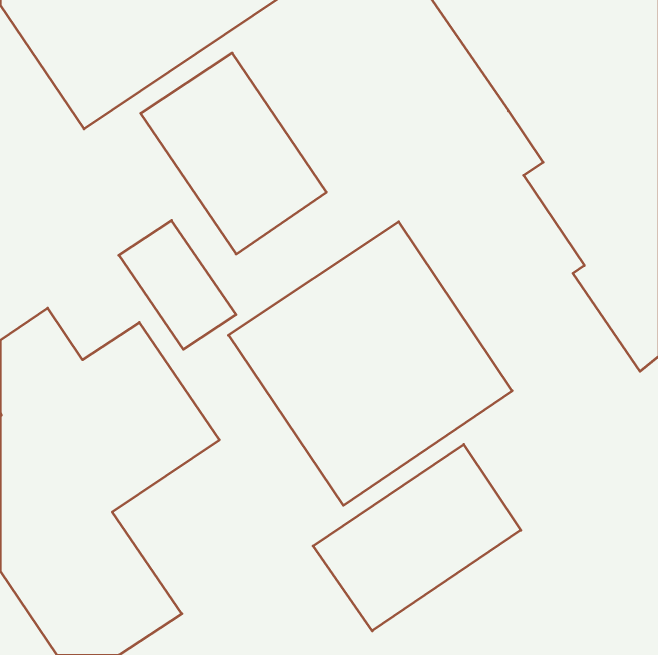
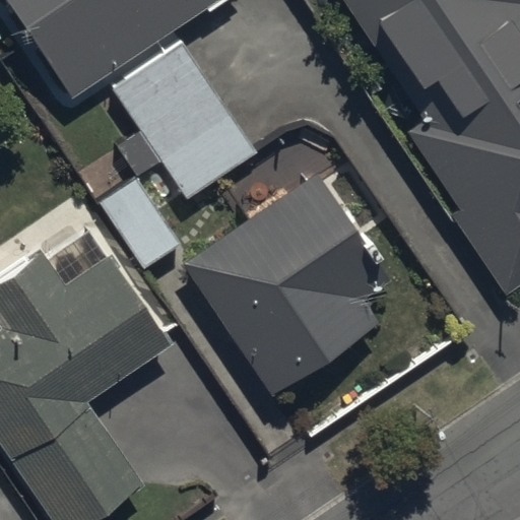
building: [313,444,521,631] -> none

